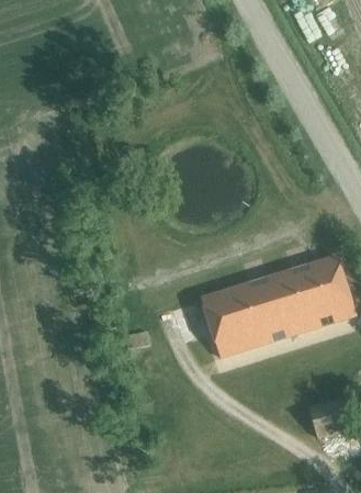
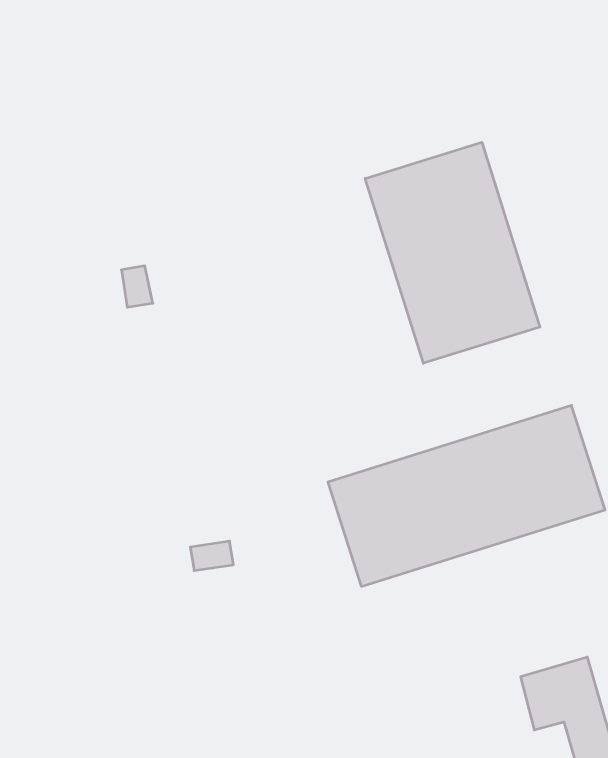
building: none -> [365,142,540,363]

